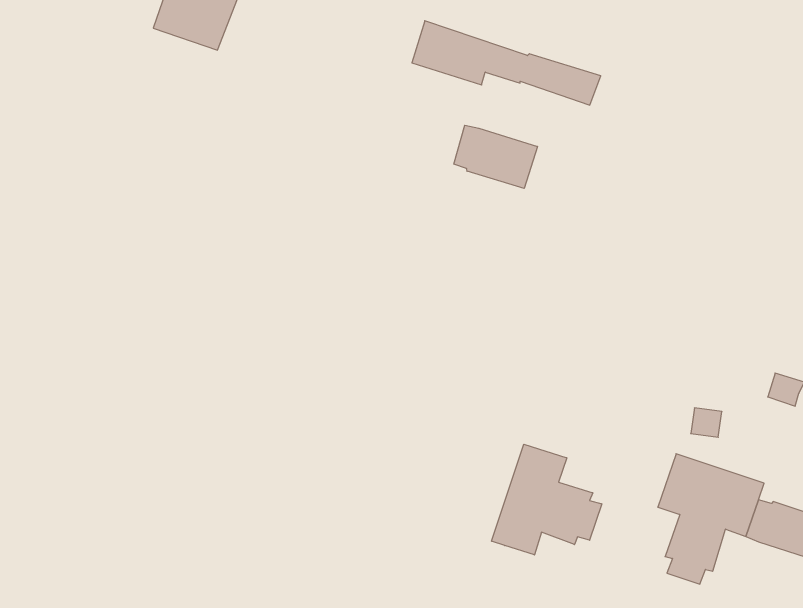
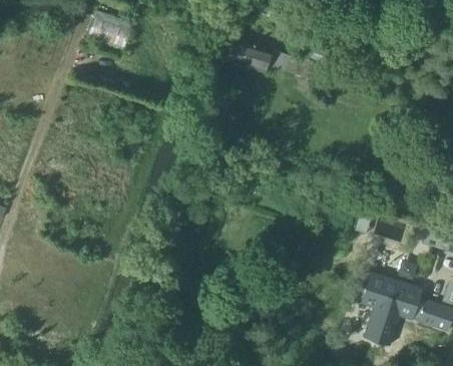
building: [454,125,537,188] -> none
building: [492,444,602,555] -> none

